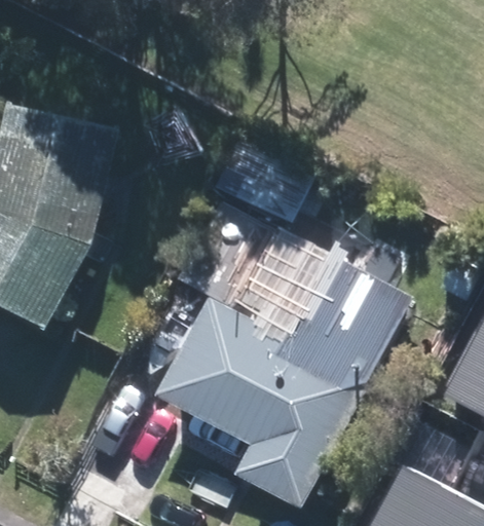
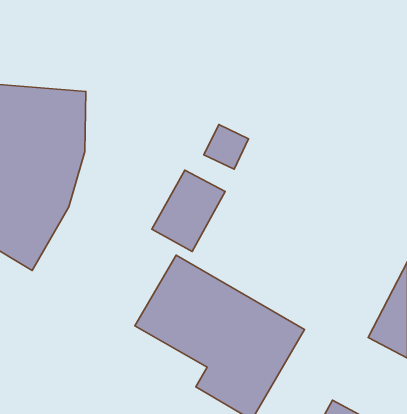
building: [274,255,404,378] -> none

